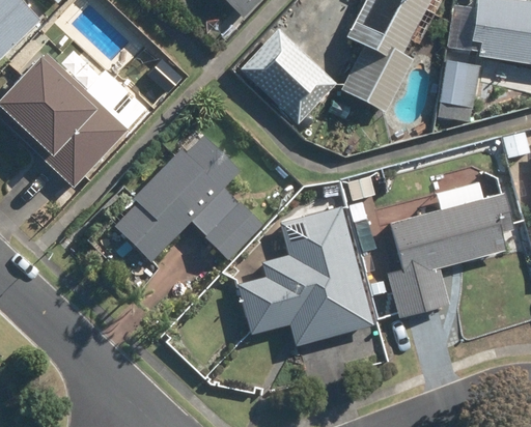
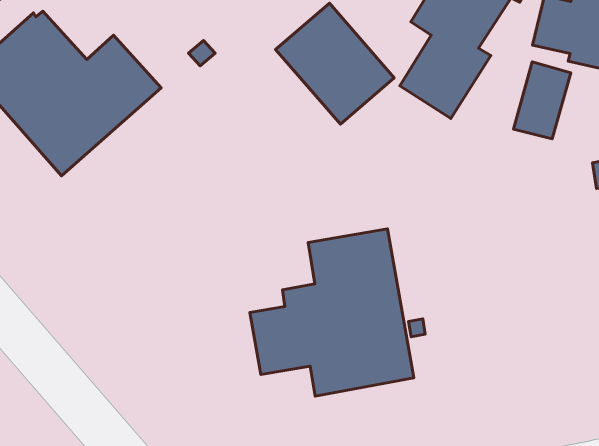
building: [110,135,262,261] -> none
building: [384,192,512,319] -> none

